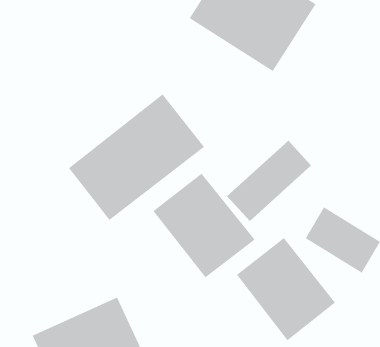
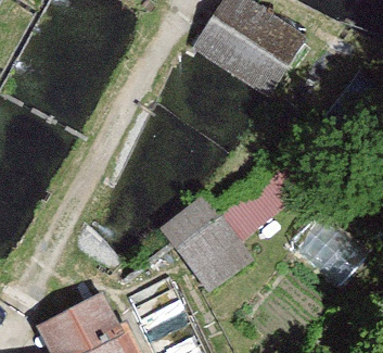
building: [68,93,205,221] -> none
building: [236,237,336,341] -> none

